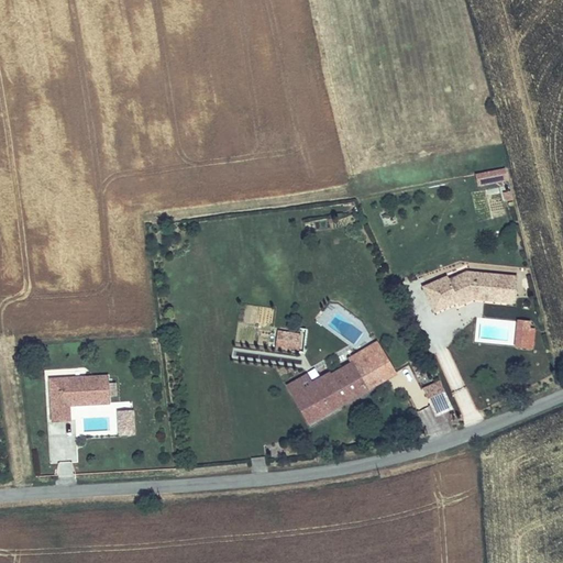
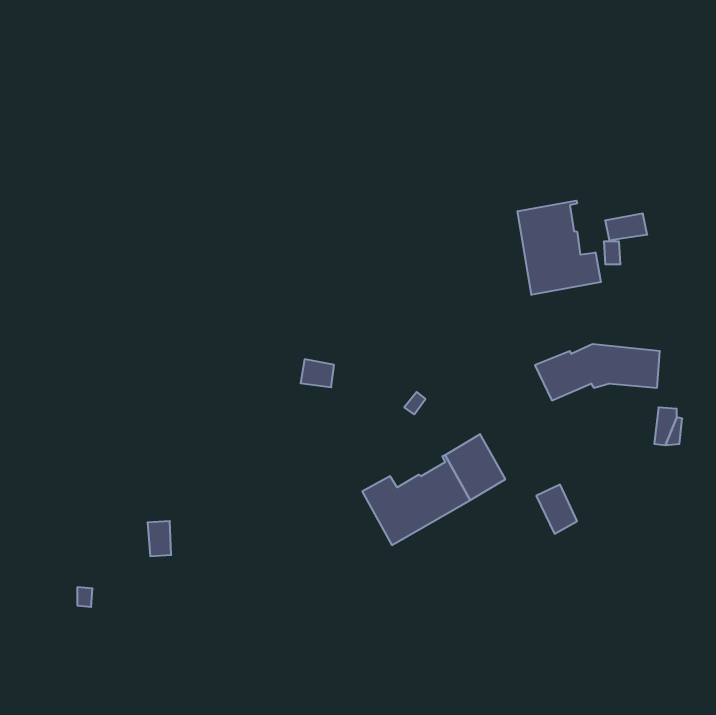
building: none -> [518,201,601,295]
building: [274,329,300,351] -> [300,359,334,387]
building: [48,374,109,422] -> none

